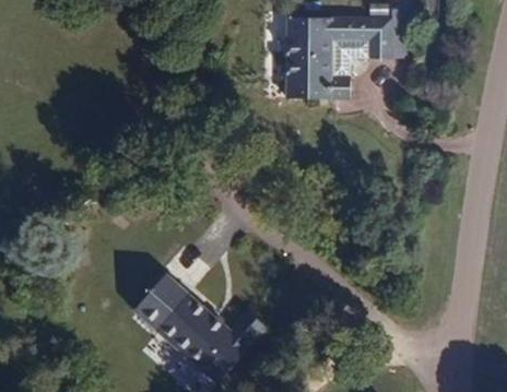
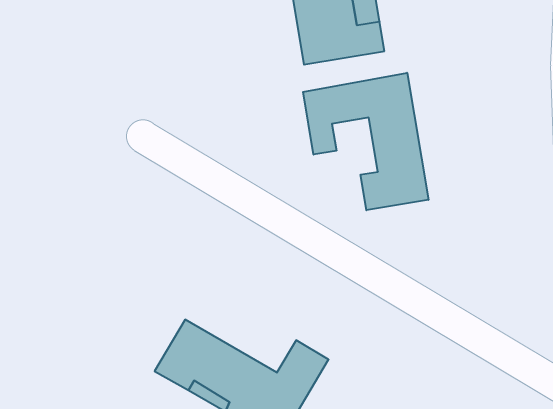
building: none -> [303,73,428,210]

